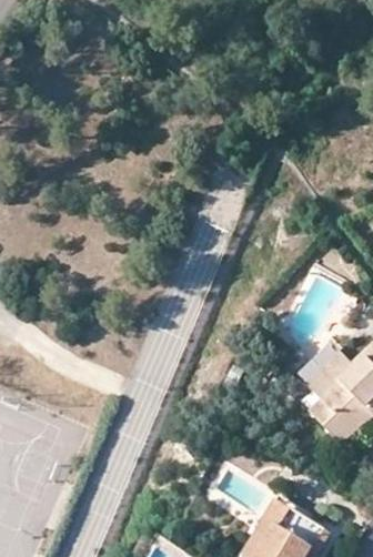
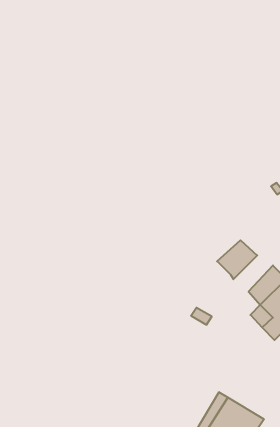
building: none -> [217,240,257,279]

